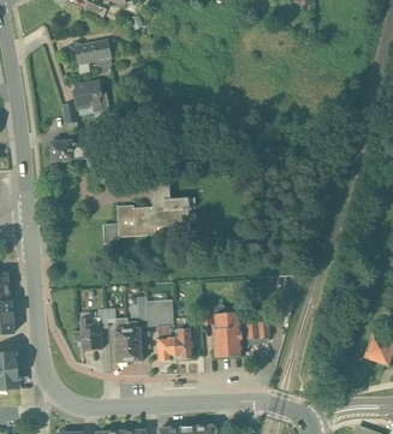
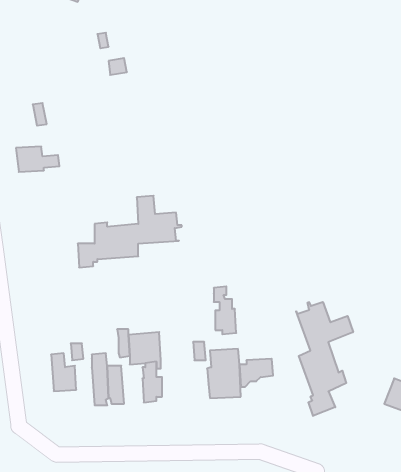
building: [75,38,112,64] -> none
building: [75,81,109,112] -> none
building: none -> [296,302,353,416]
building: [174,316,193,357] -> [214,286,236,334]

